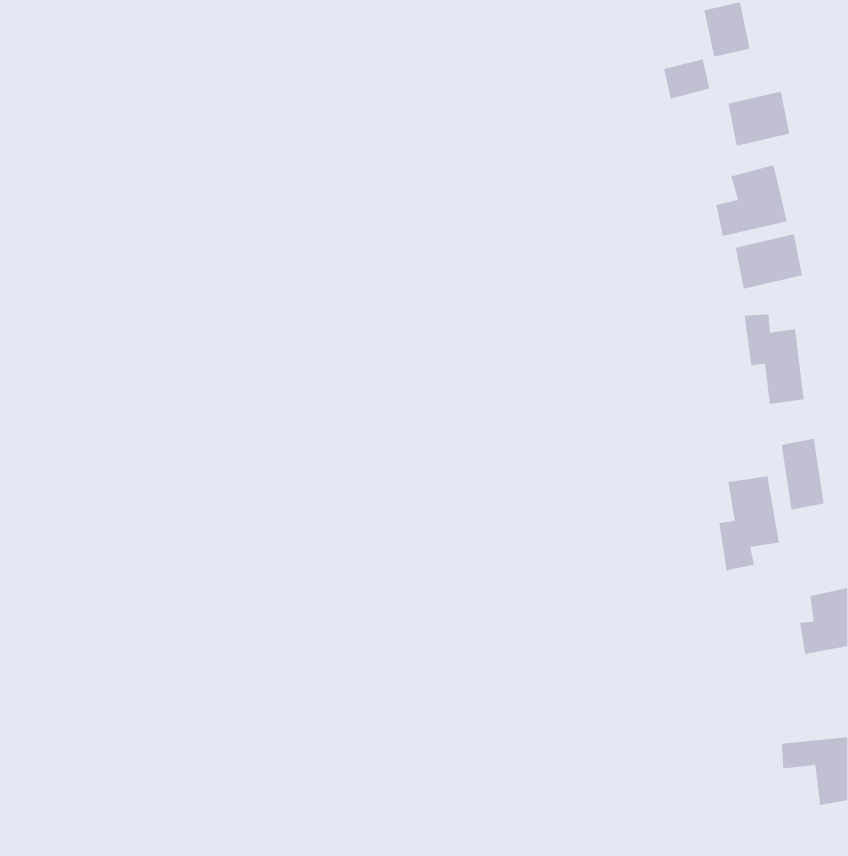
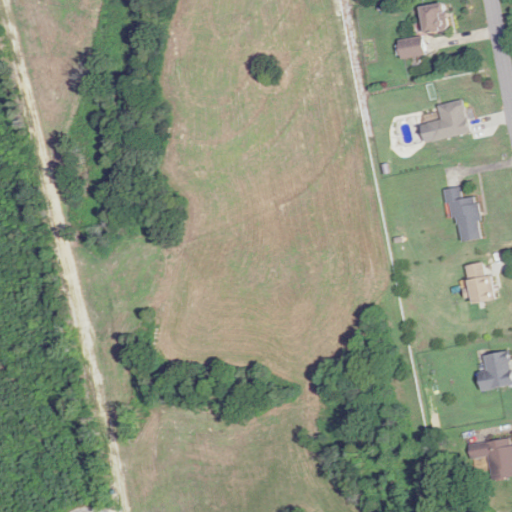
building: [728,91,790,147] -> none
building: [735,233,803,289] -> none
building: [719,476,780,571] -> none

